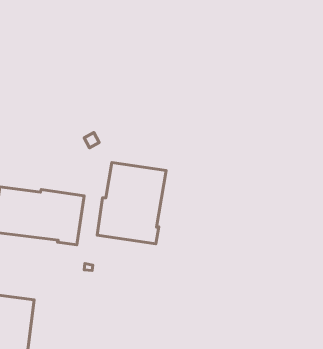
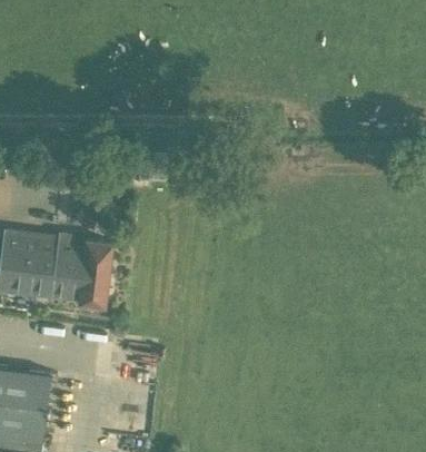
building: [97,162,166,244] -> none

